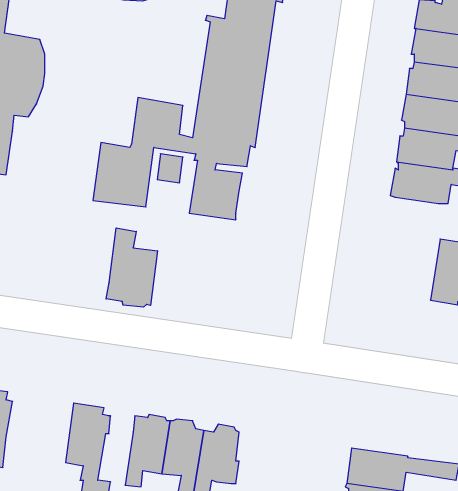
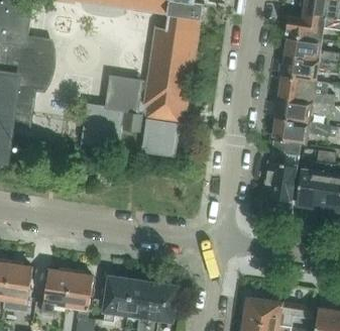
building: none -> [263,140,300,205]
building: [106,228,157,307] -> none
building: none -> [40,266,71,314]

